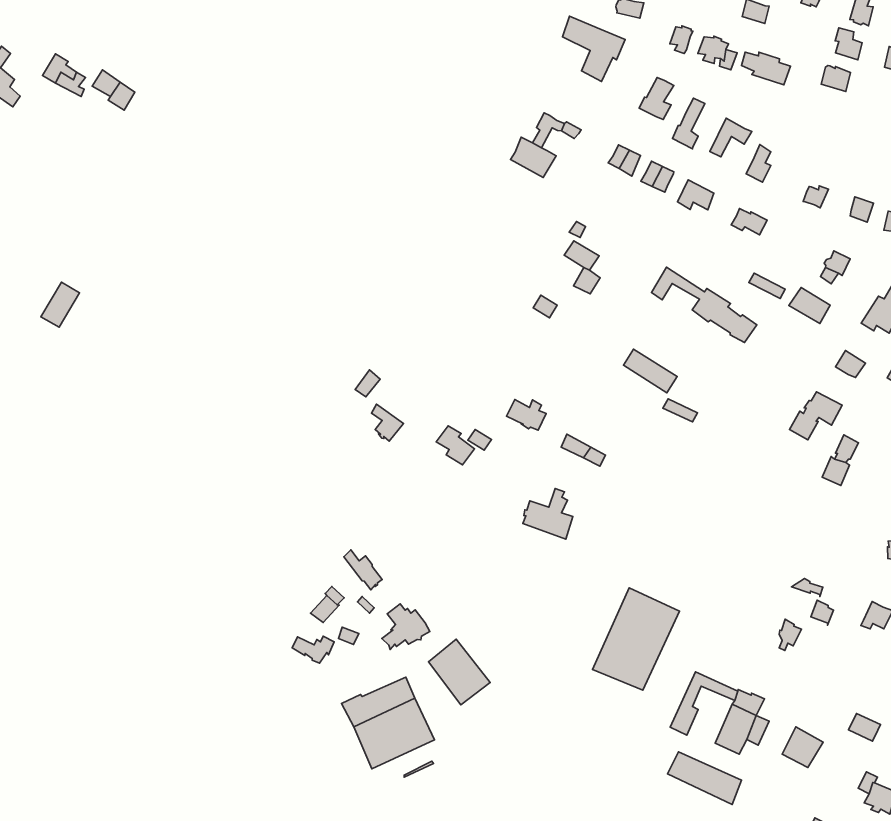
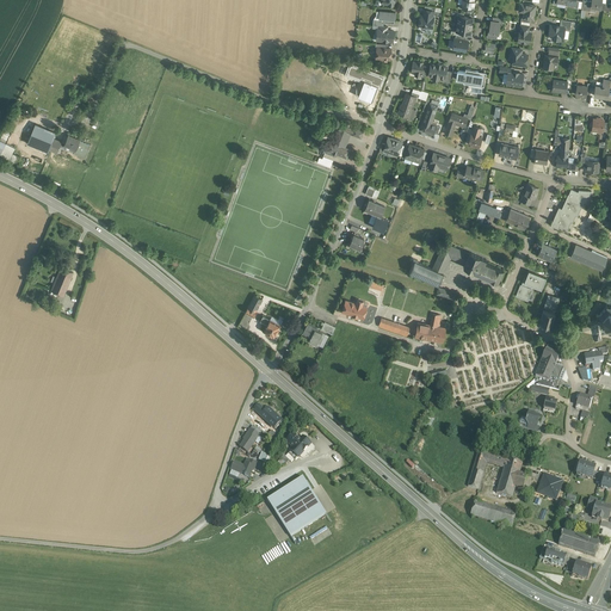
building: [651,267,757,343] -> [437,242,504,282]
building: [523,489,573,539] -> [415,313,445,342]
building: none -> [535,350,563,382]
building: [593,588,680,690] -> none
building: [428,639,490,705] -> none

